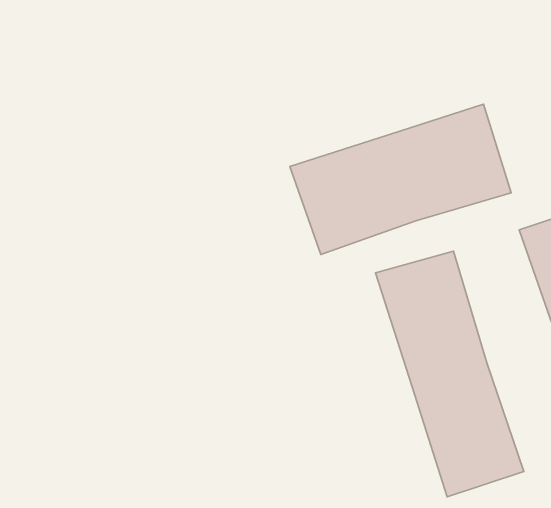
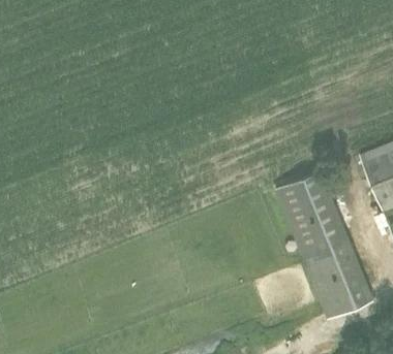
building: [290,104,511,254] -> none

